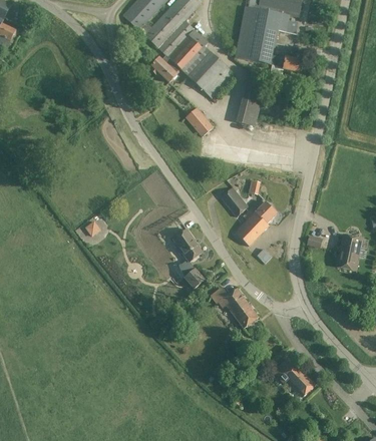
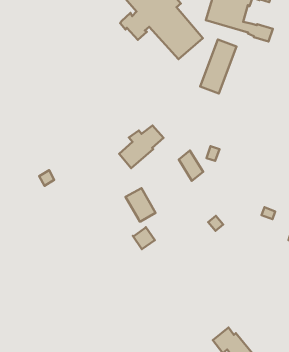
building: [185,107,214,137] -> none
building: [237,200,279,245] -> [119,126,163,168]
building: [210,287,259,328] -> none

